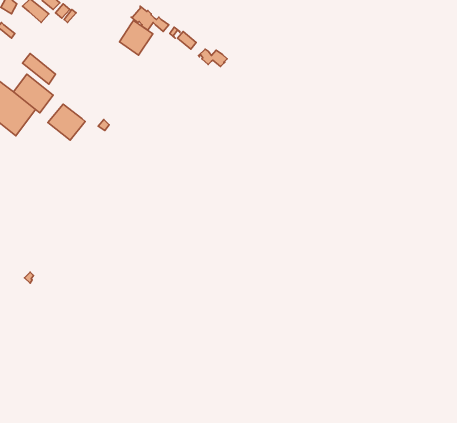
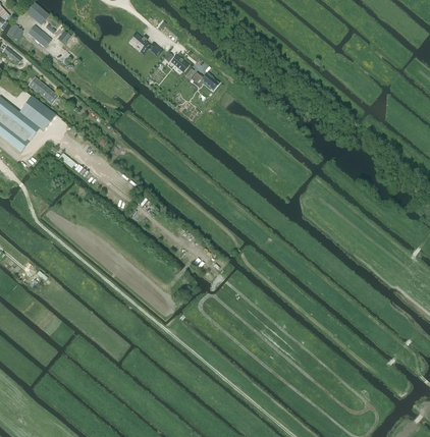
building: [119,21,153,55] -> none
building: [48,104,85,140] -> none

